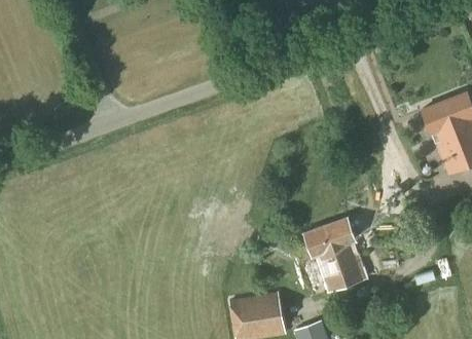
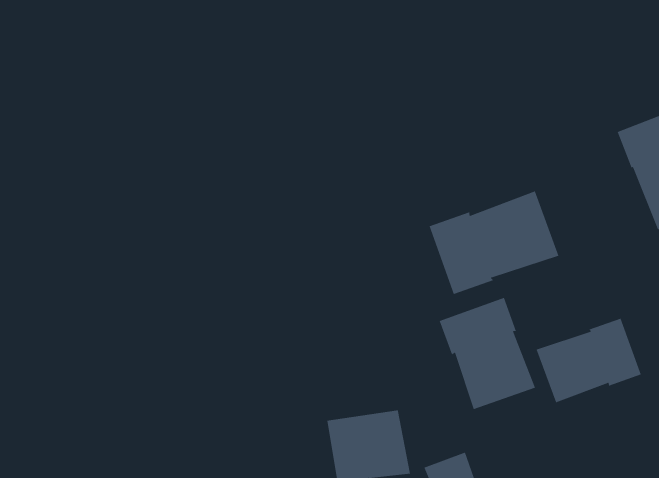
building: none -> [429,191,559,295]
building: none -> [536,318,641,403]

